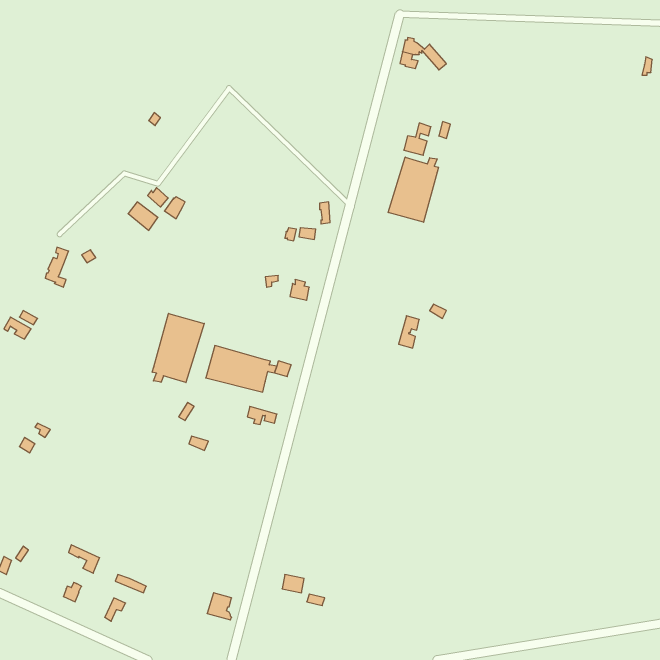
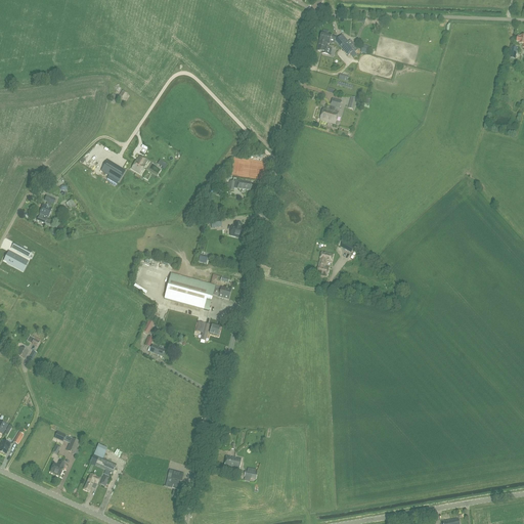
building: [388,157,439,222] -> none
building: [152,313,204,383] -> none

